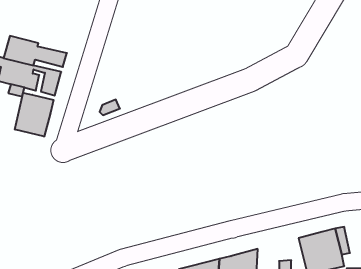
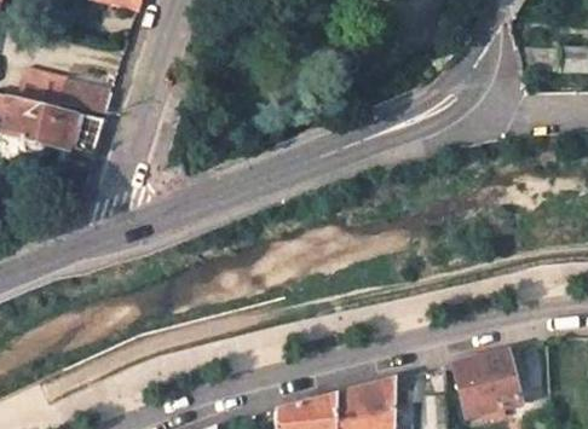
building: [15,93,54,137] -> none

